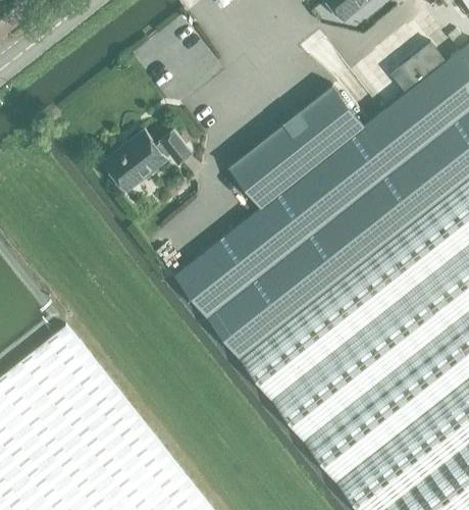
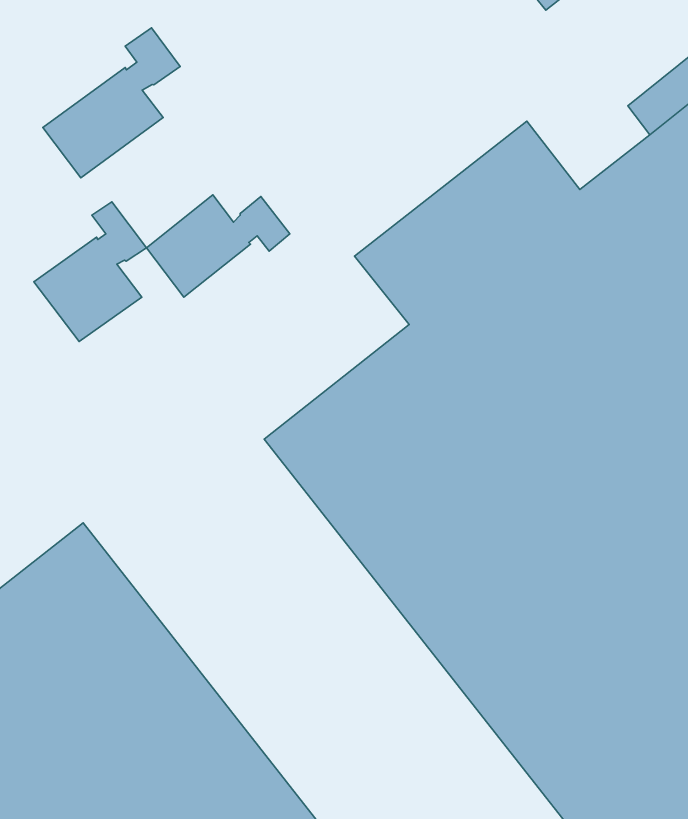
building: none -> [43,28,180,178]
building: none -> [34,202,146,342]

